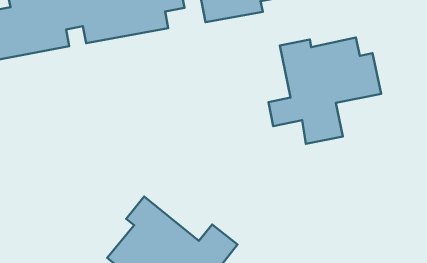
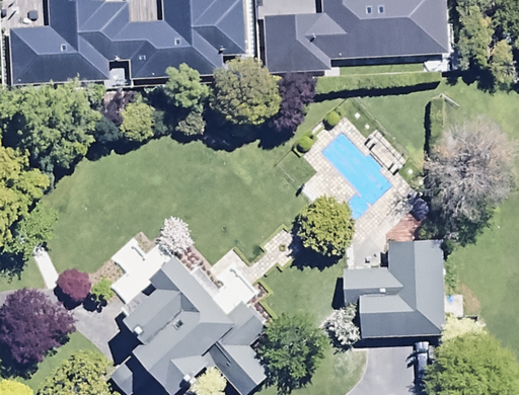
building: [269,38,381,144] -> none
building: none -> [341,241,445,340]

